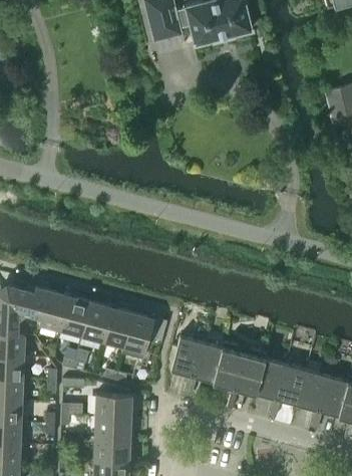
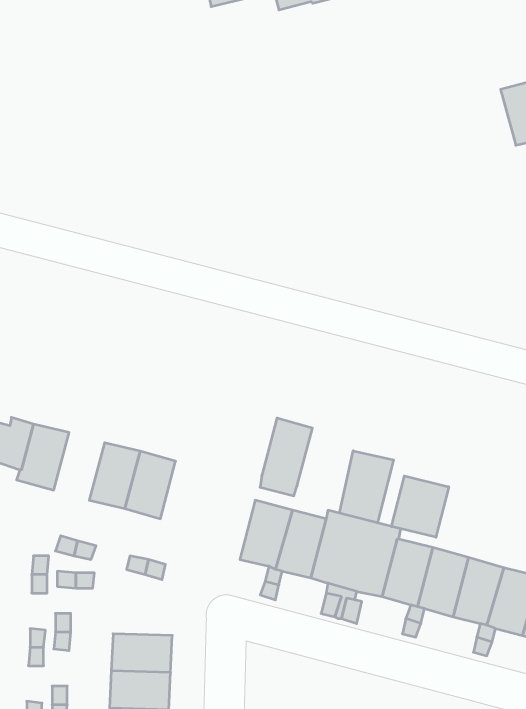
building: [60,296,90,336] -> none
building: none -> [340,451,394,523]
building: [122,313,153,360] -> [260,418,312,496]
building: none -> [392,476,449,537]
building: [95,394,131,417] -> none

